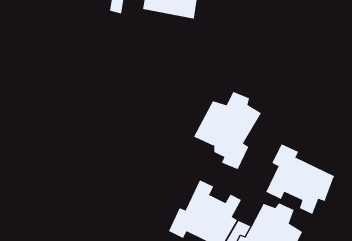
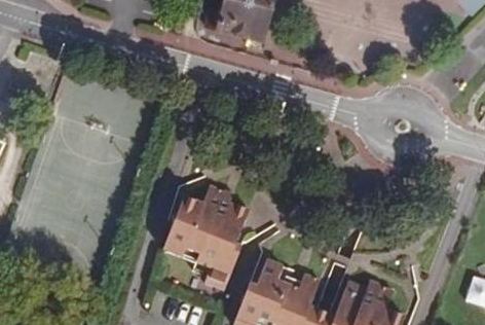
building: [193,91,262,170] -> [175,174,258,269]
building: [265,143,335,215] -> none

